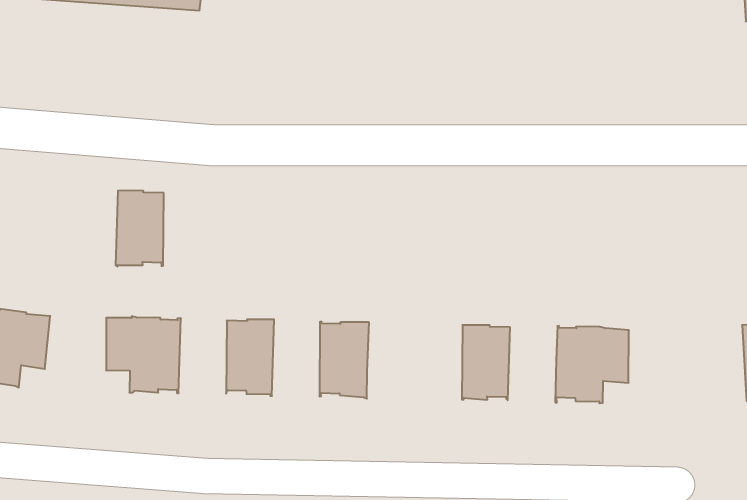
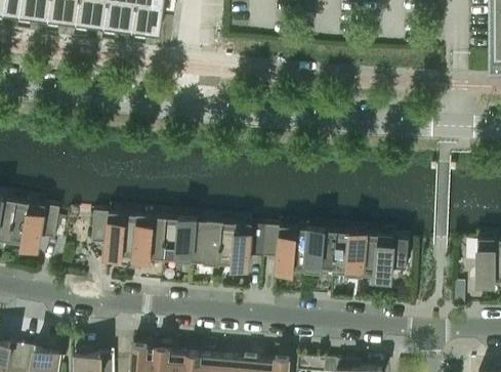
building: [116,191,164,267] -> [134,215,166,262]
building: none -> [191,219,222,267]
building: none -> [261,226,308,275]
building: none -> [333,233,366,280]

